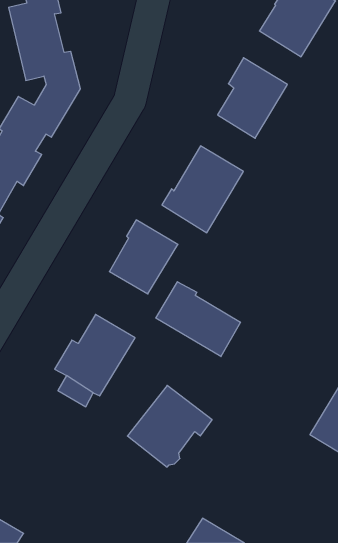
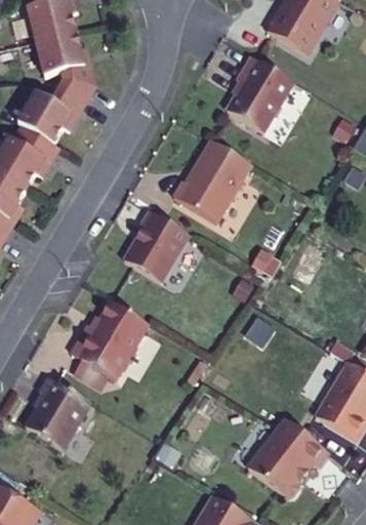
building: [156,282,240,357] -> none
building: [127,385,212,467] -> [247,418,328,496]
building: none -> [26,377,90,448]

